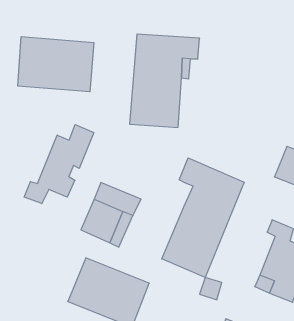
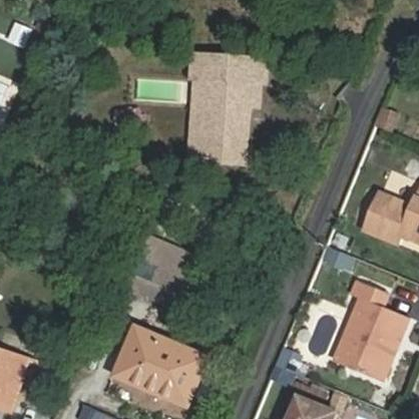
building: [18,37,94,92] -> none
building: [24,125,94,204] -> none
building: [162,158,244,278] -> none

